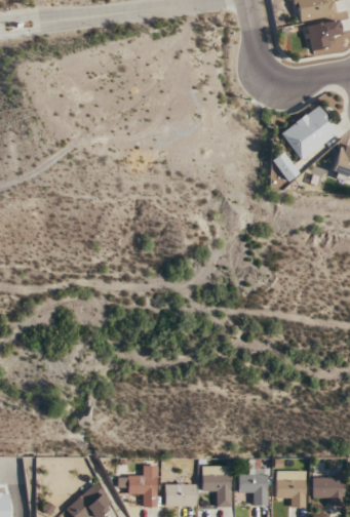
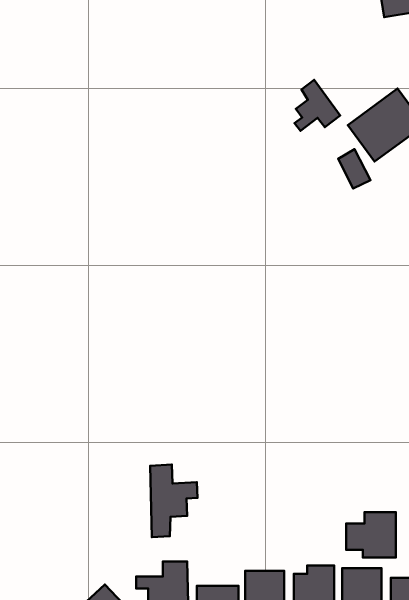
building: none -> [295,80,340,131]
building: none -> [150,464,197,537]
building: none -> [346,512,396,557]

